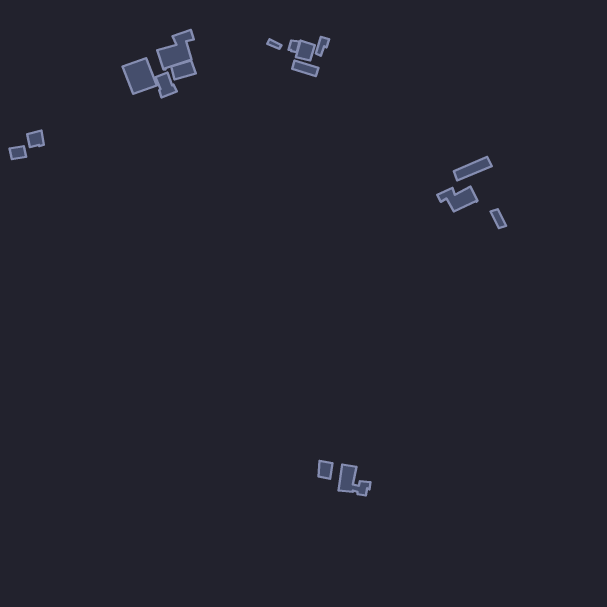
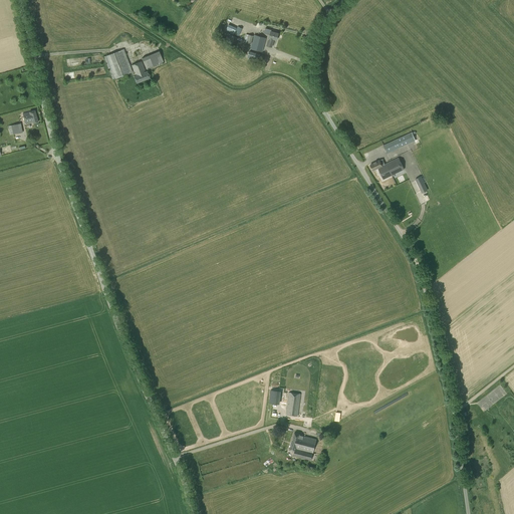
building: [157,30,194,70] -> none
building: none -> [289,433,316,460]

